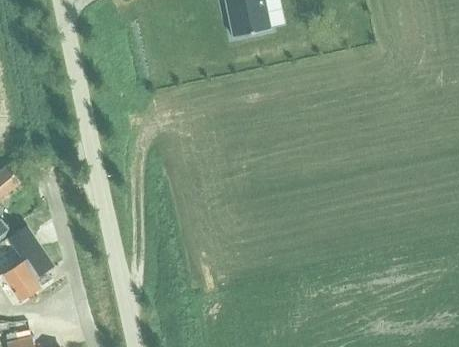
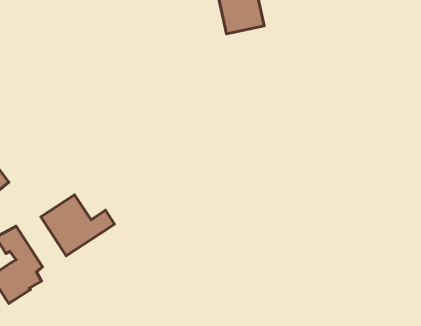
building: none -> [41,195,114,256]

